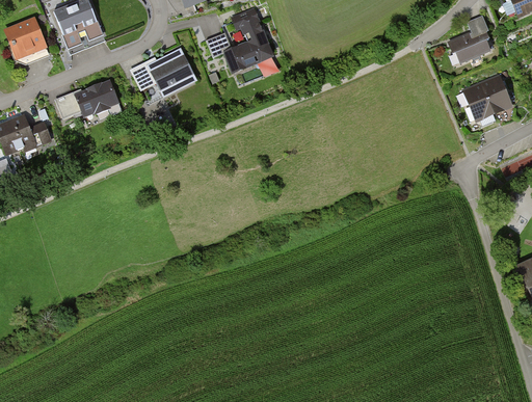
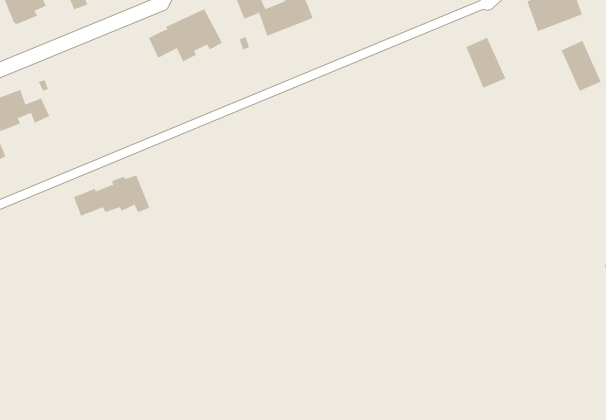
building: [55,81,121,116] -> [73,175,150,216]
building: [462,82,497,126] -> [466,37,506,88]

